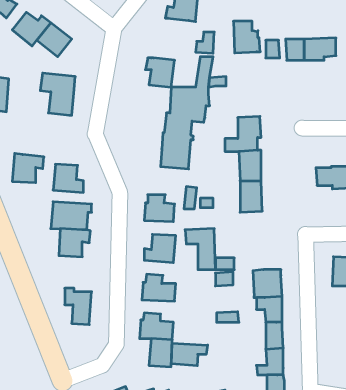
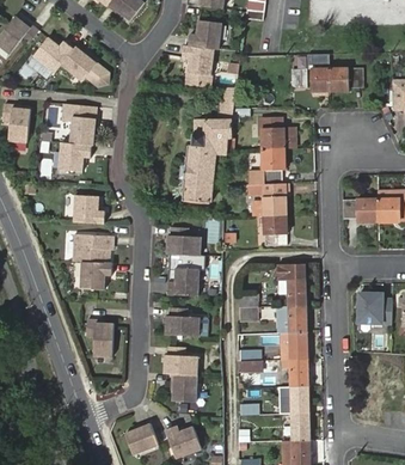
building: [233,21,260,53] -> [260,117,288,149]
building: [145,58,175,87] -> [182,48,211,78]
building: [12,153,44,183] -> [57,143,90,173]
building: [185,229,215,270] -> [275,263,306,305]
building: [171,343,208,366] -> none

